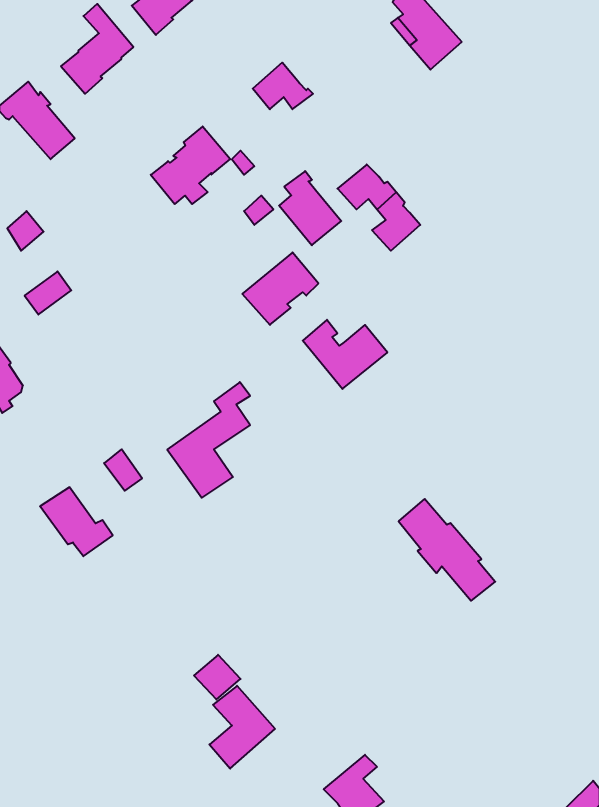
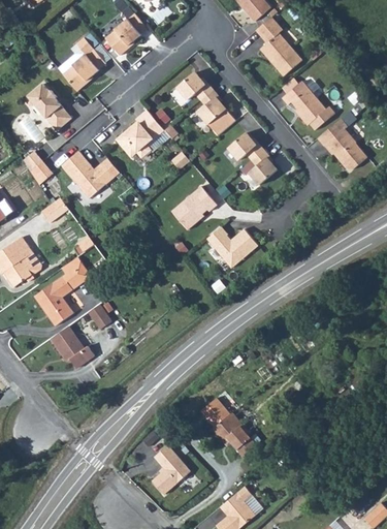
building: none -> [281,81,337,130]
building: none -> [317,111,366,169]
building: [279,171,341,245] -> [197,91,234,135]
building: none -> [61,151,112,198]
building: [167,382,250,498] -> [33,256,83,325]
building: [399,499,495,601] -> [200,398,258,459]

